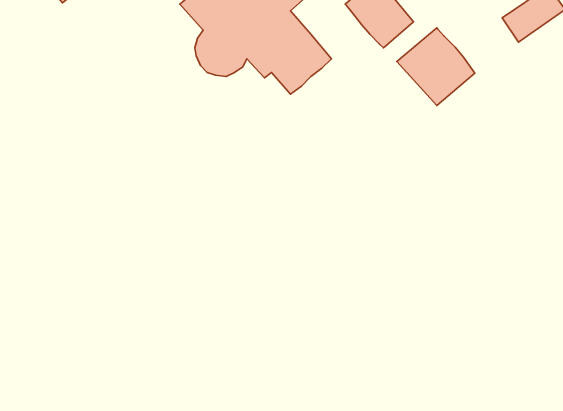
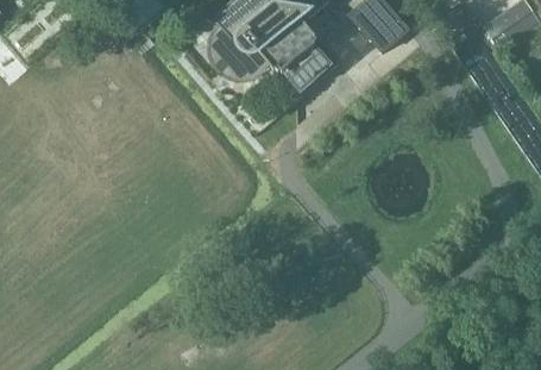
building: [397,28,475,106] -> none

